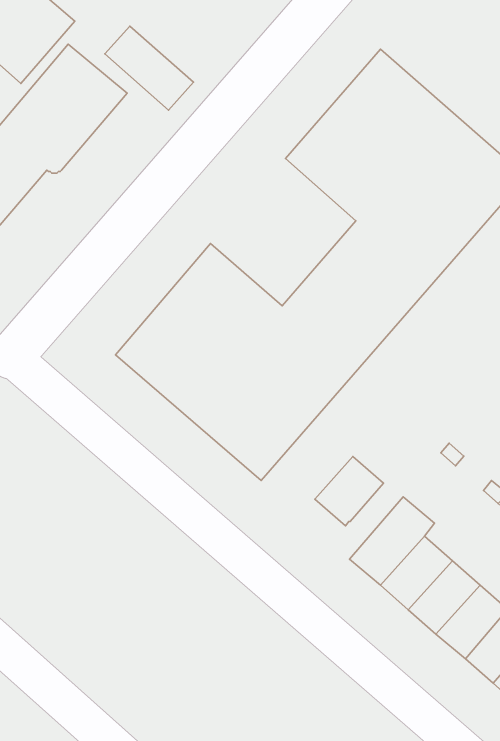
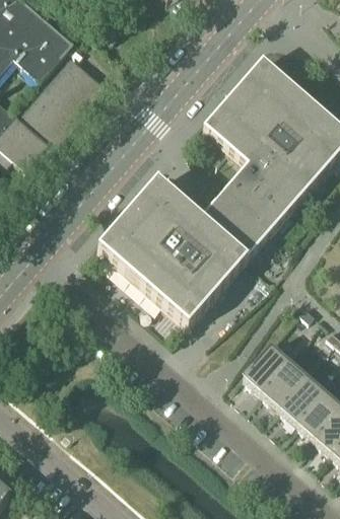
building: [105,26,194,110] -> none
building: [315,457,384,526] -> none

